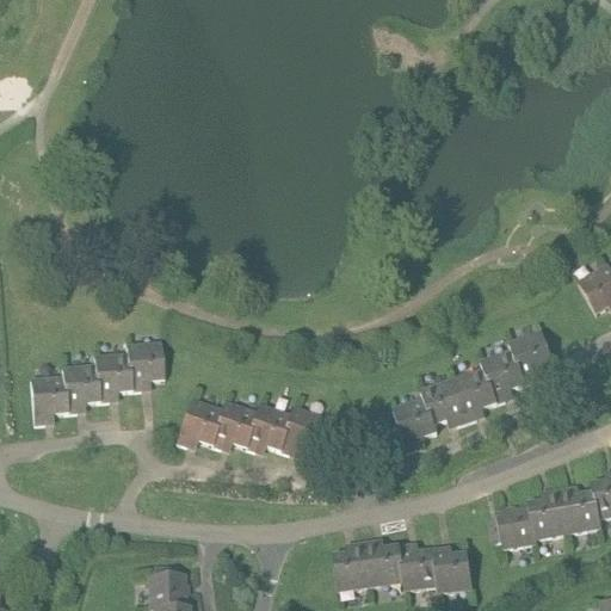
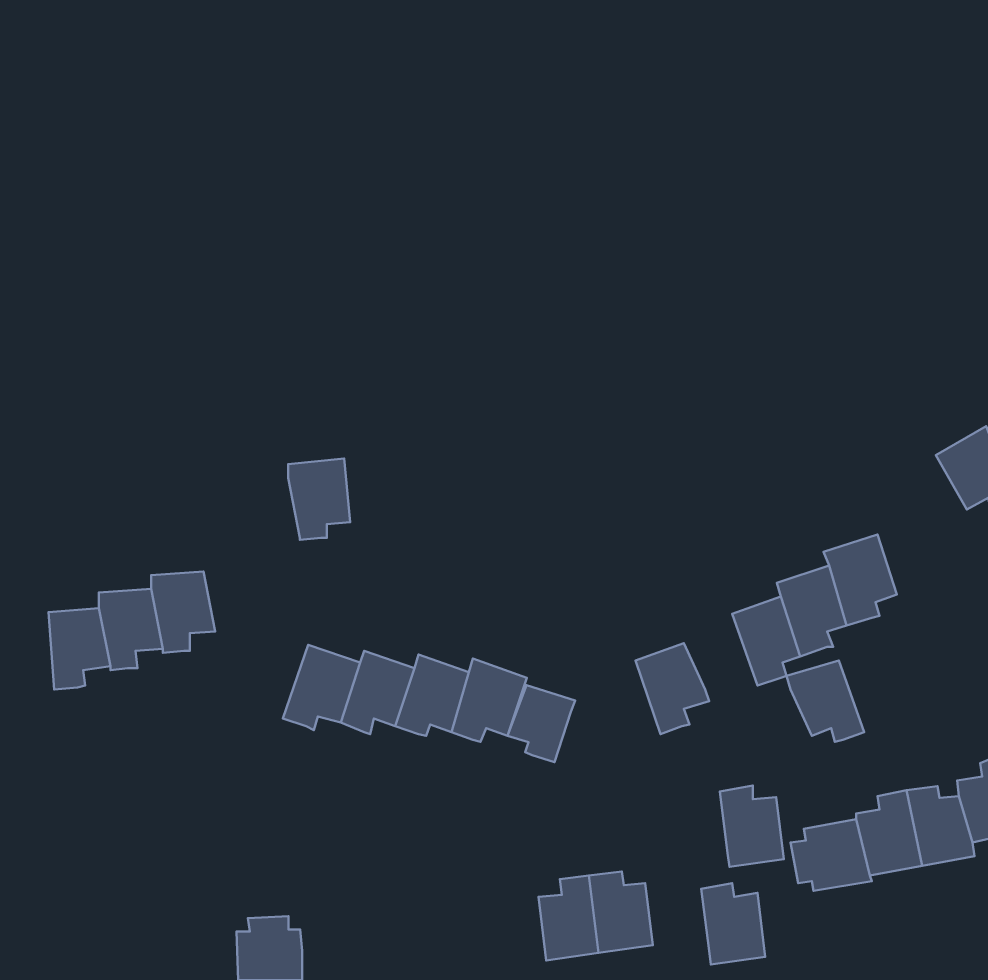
building: [126,340,165,390] -> [288,458,350,540]
building: [420,378,468,428] -> [787,660,864,742]
building: none -> [508,685,575,762]
building: [399,541,438,591] -> [720,786,784,867]

